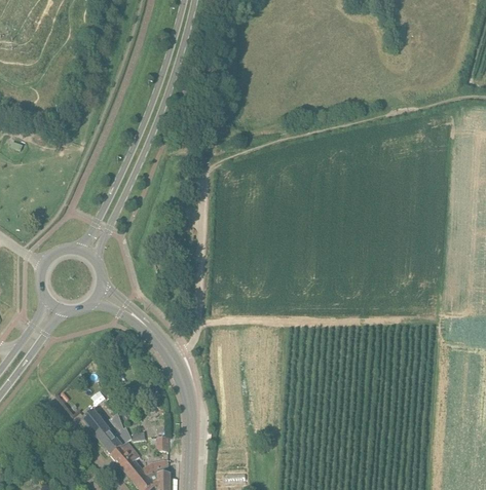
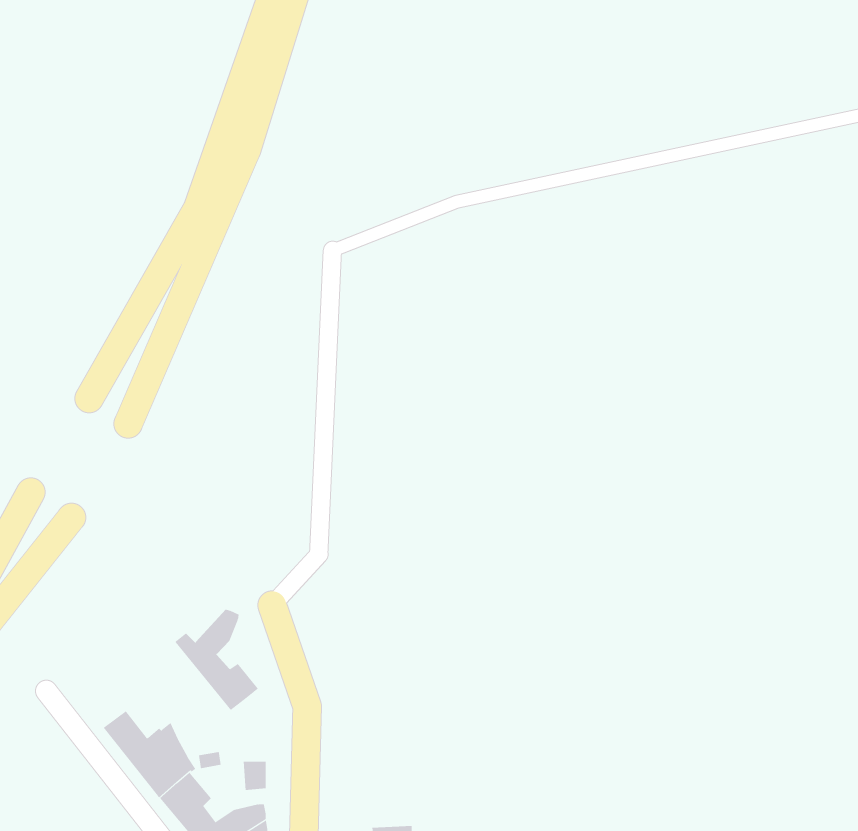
building: none -> [175,609,260,711]

